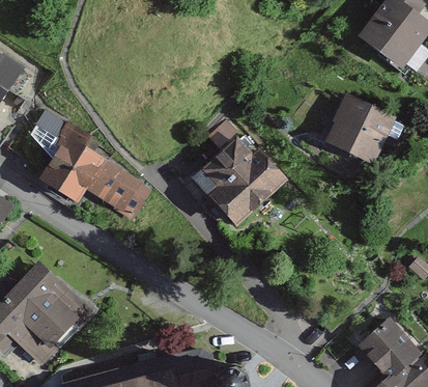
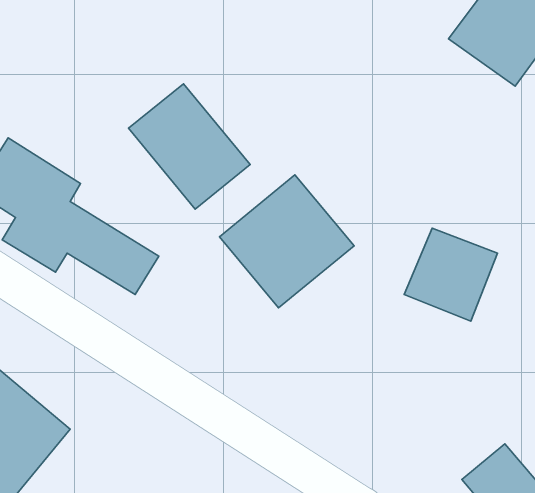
building: none -> [129,84,250,209]
building: [322,95,388,161] -> [404,228,497,321]

